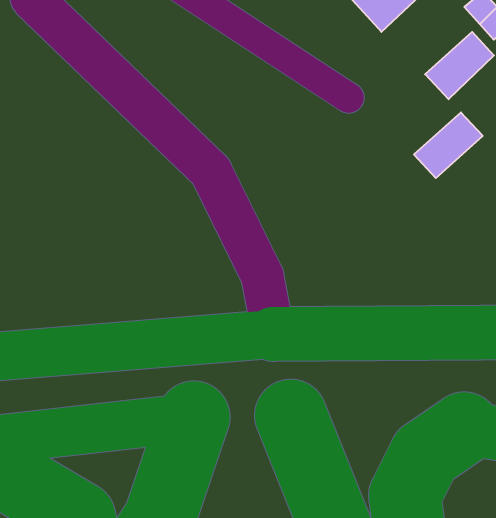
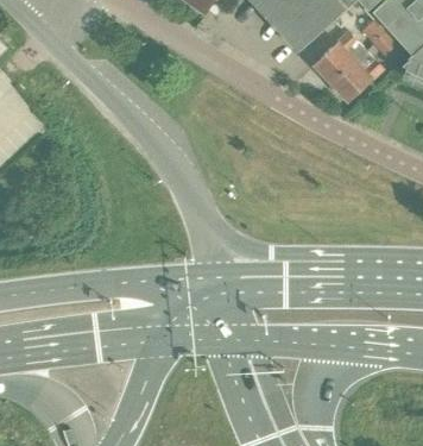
building: [414,112,483,178] -> [312,32,365,82]

